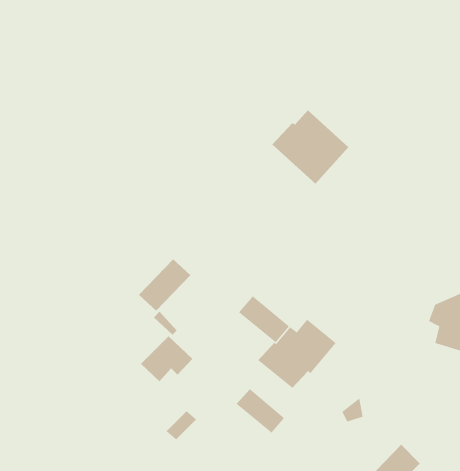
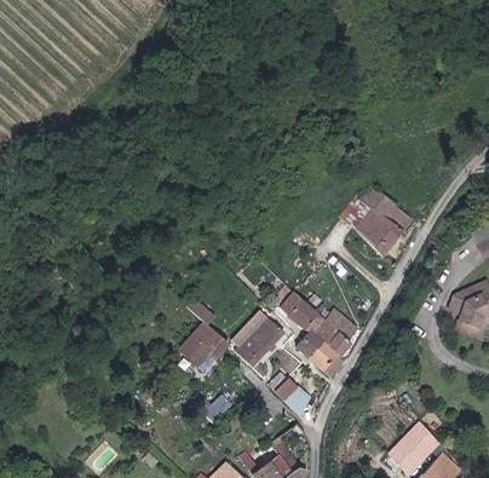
building: [272,110,349,185] -> [339,184,412,254]
building: [138,259,191,311] -> [237,316,287,365]

